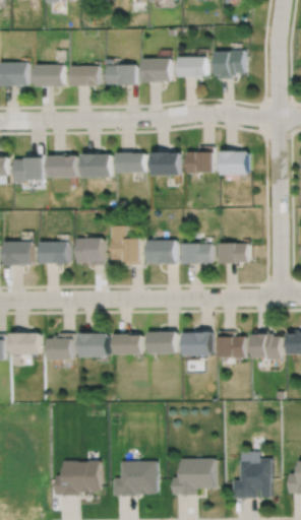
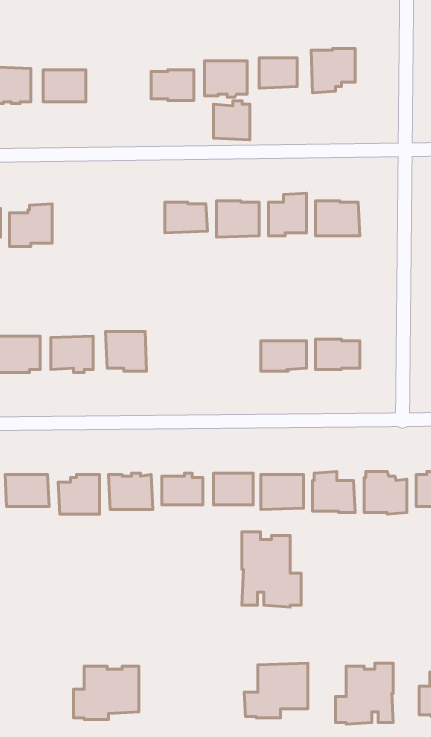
building: [71,65,100,84] -> none
building: none -> [213,101,250,140]
building: [48,153,76,177] -> none
building: [82,153,110,177] -> none
building: [112,226,142,265] -> none
building: [149,241,177,265] -> none
building: none -> [242,532,301,607]
building: [113,463,155,498] -> none

